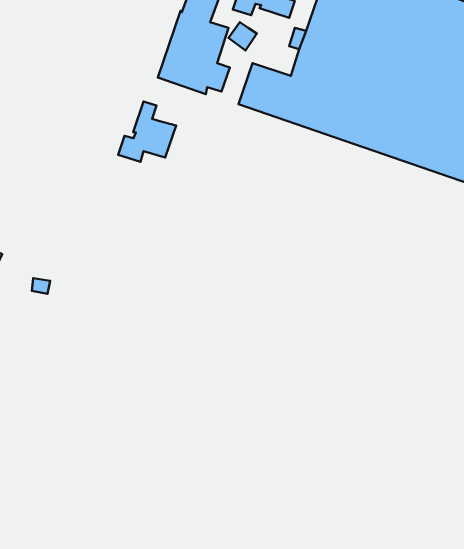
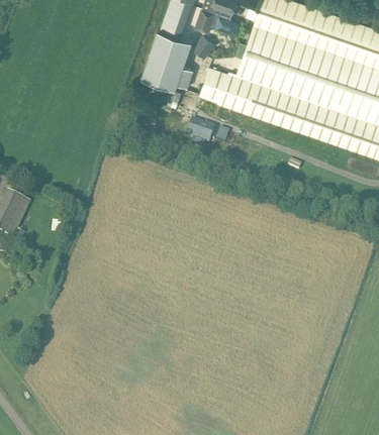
building: [118,101,176,162] -> none
building: none -> [185,121,213,145]

